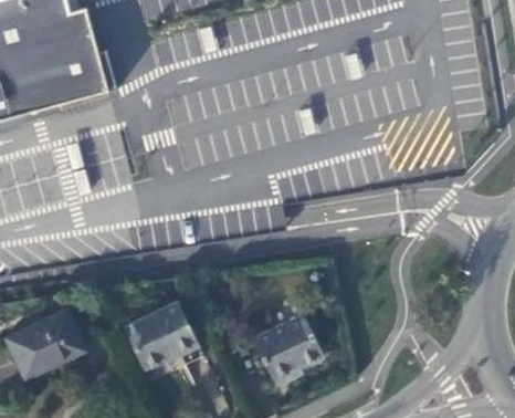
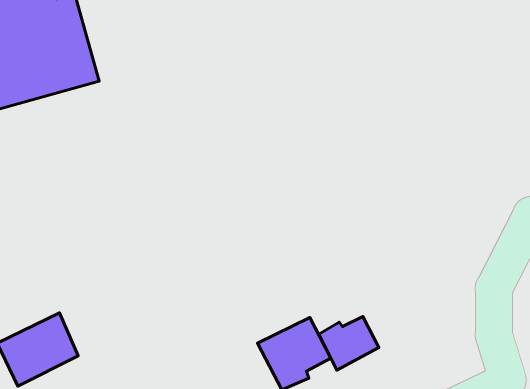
building: [126,301,198,367] -> none
building: none -> [319,316,379,370]

